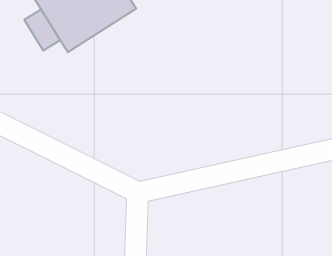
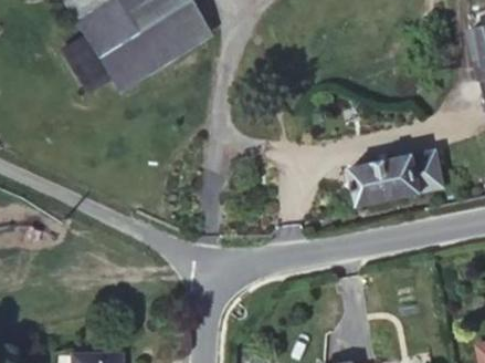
building: none -> [352,151,443,205]

